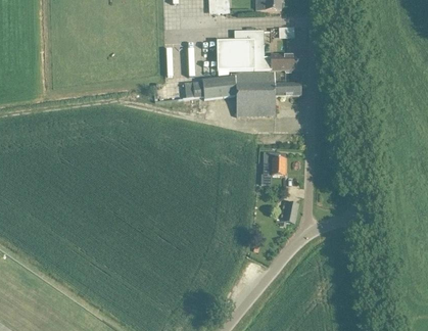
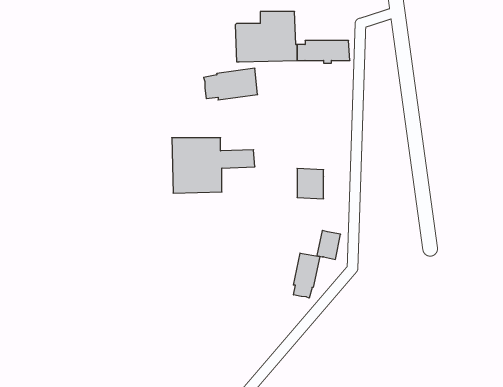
building: [235,73,299,115] -> [172,138,255,193]
building: none -> [293,253,320,298]

